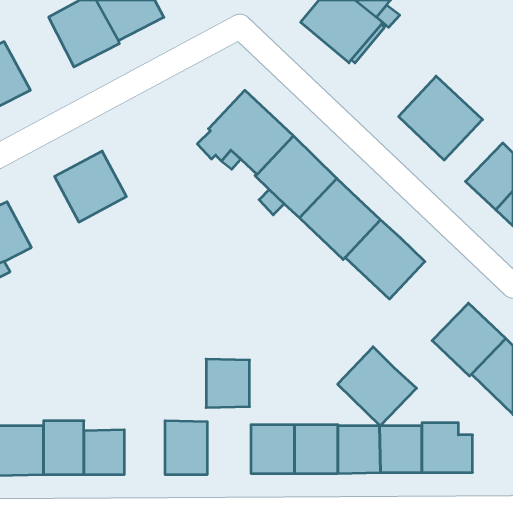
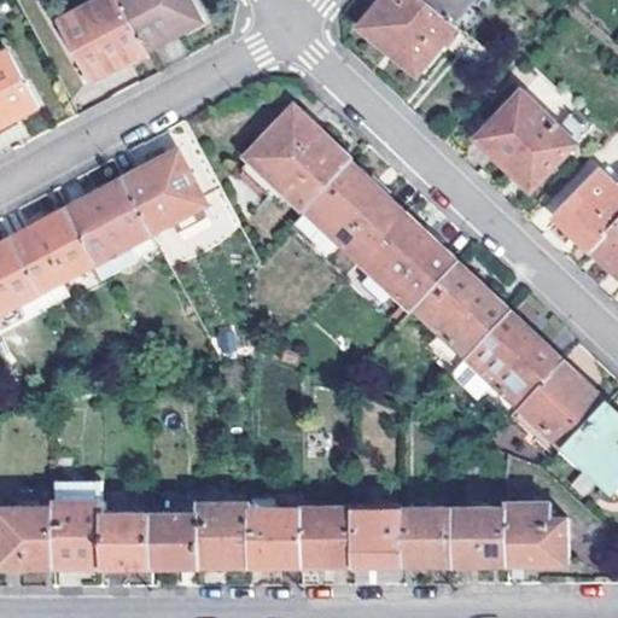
building: none -> [122,151,206,234]
building: none -> [8,210,94,295]
building: [338,347,417,426] -> [465,311,559,406]
building: [206,359,250,408] -> [247,507,299,565]
building: none -> [148,512,197,565]

